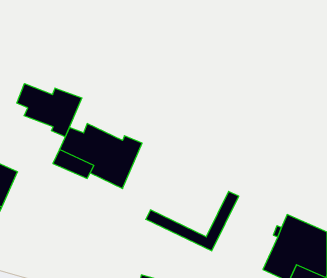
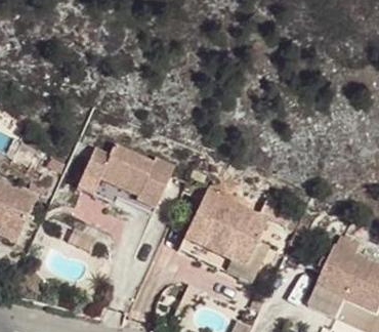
building: [17,84,82,137] -> none
building: none -> [183,188,269,267]

